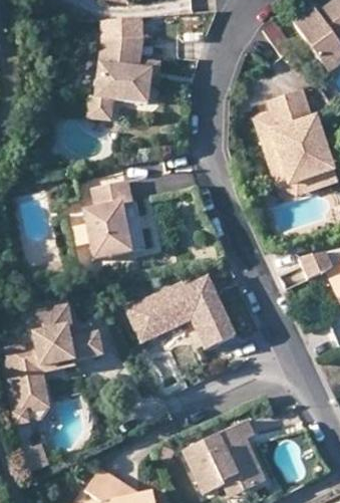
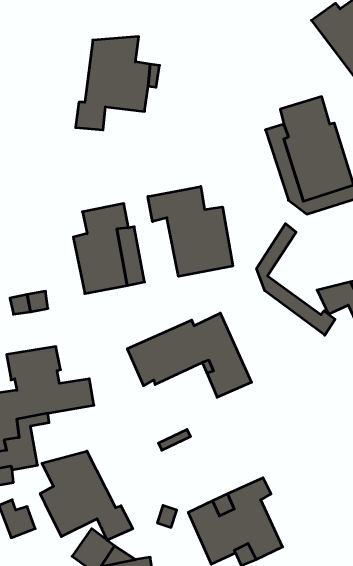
building: [99,14,141,39] -> none
building: none -> [148,186,233,276]
building: none -> [257,224,335,335]
building: none -> [40,451,133,540]

